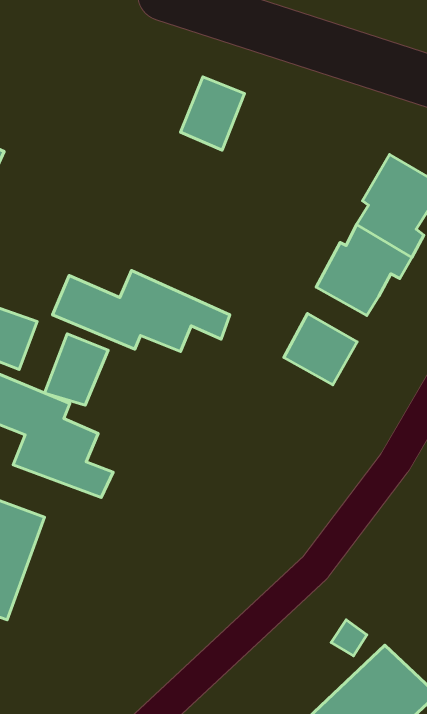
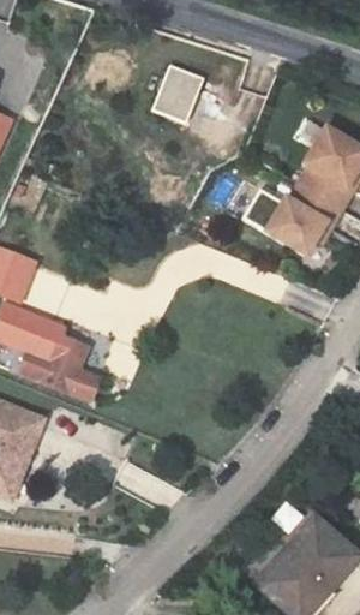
building: [53,271,230,352] -> none
building: [284,314,357,385] -> none
building: [45,334,108,405] -> none

